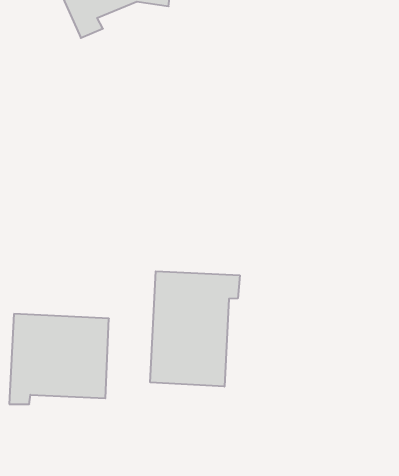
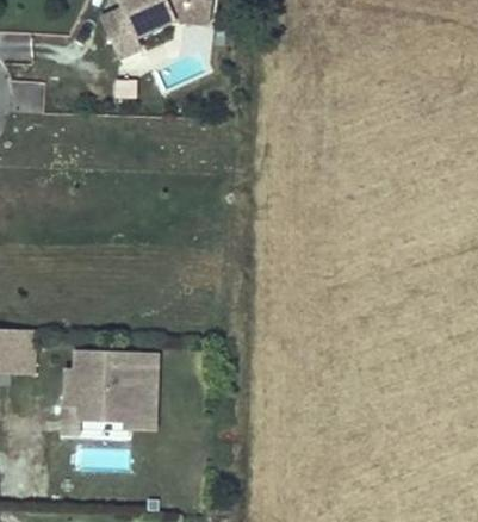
building: [150,271,240,387] -> none

